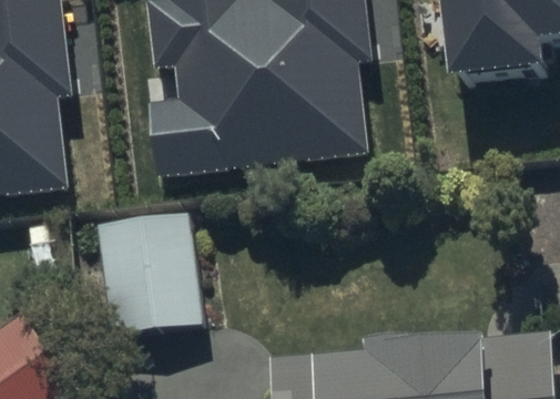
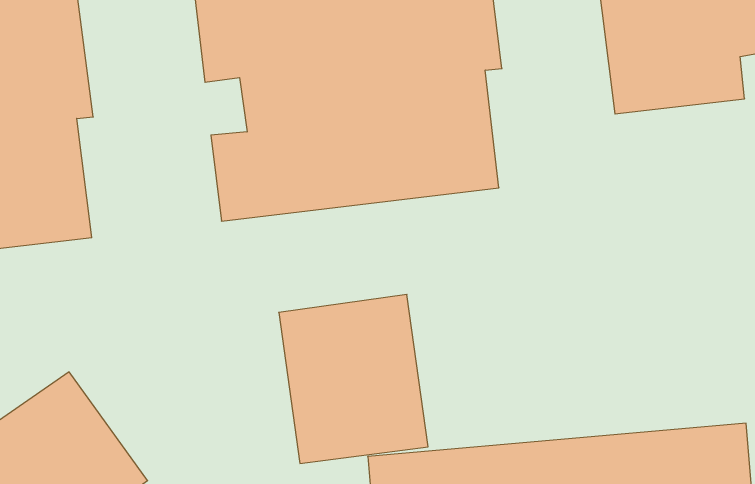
building: [92,208,202,333] -> [279,294,428,463]

